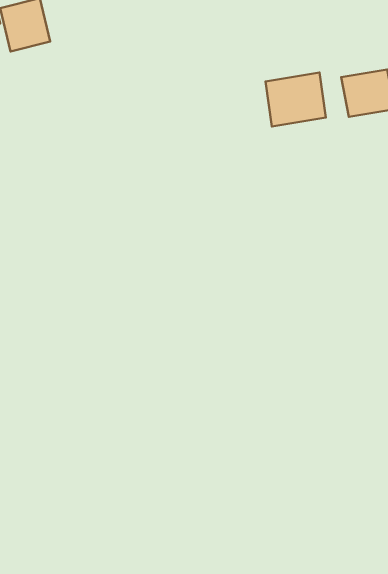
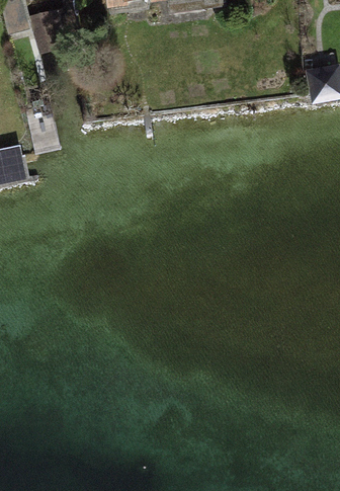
building: [265,73,326,126] -> none

